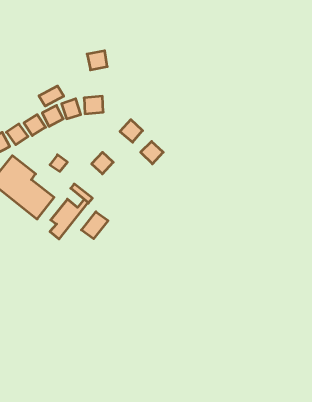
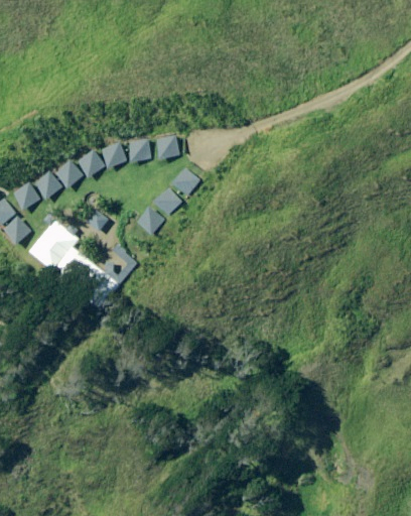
building: [87,51,107,70] -> [155,135,179,158]
building: [39,86,64,106] -> none
building: [141,141,163,164] -> [154,187,181,215]
building: [81,212,108,239] -> none

